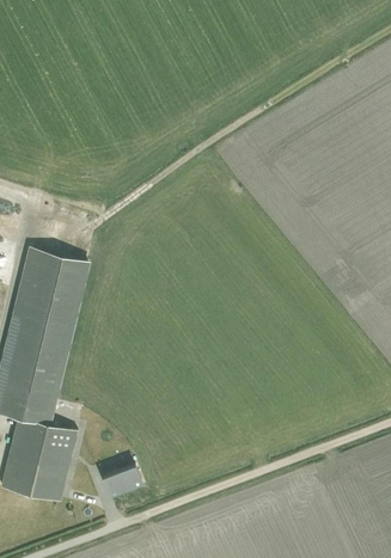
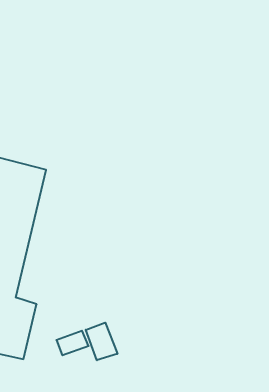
building: none -> [86,323,117,360]

